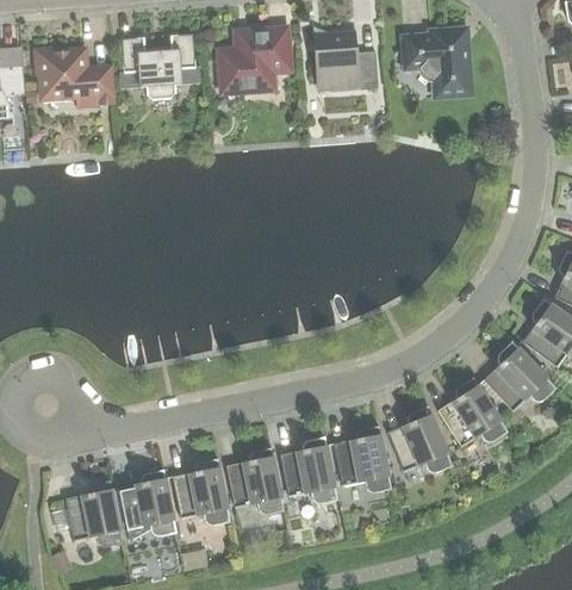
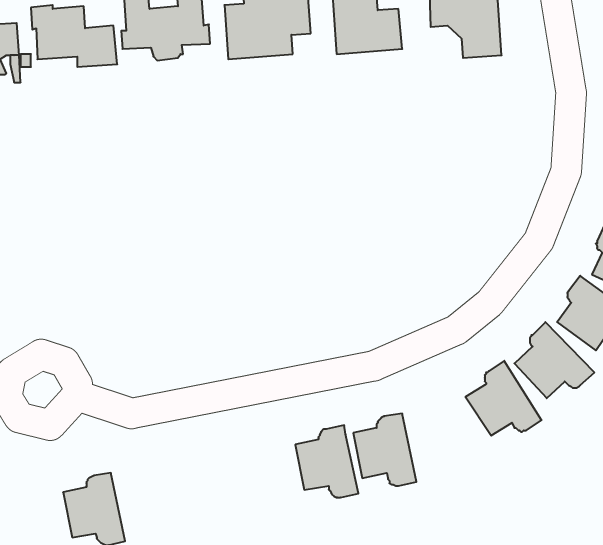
building: [388,405,454,472] -> none
building: [228,447,286,514] -> none
building: [174,458,231,524] -> none
building: [120,468,178,541] -> none

